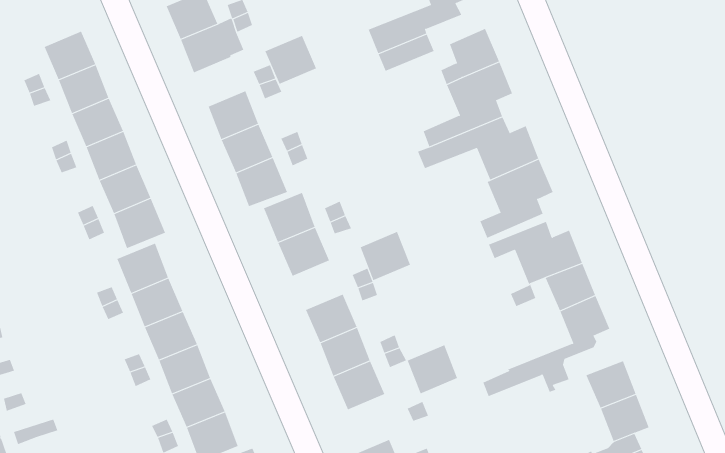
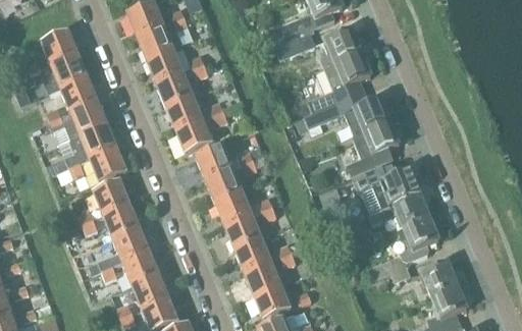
building: [265,35,317,85] -> [146,48,182,82]
building: [360,231,411,281] -> [215,190,251,225]
building: [407,345,458,394] -> [254,284,290,319]

